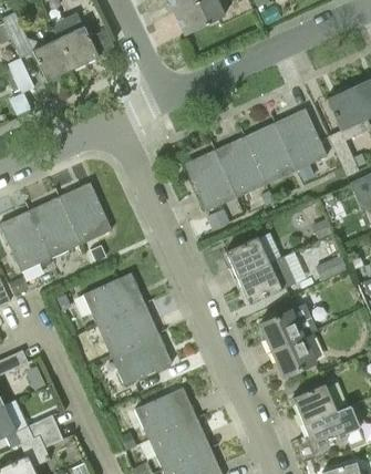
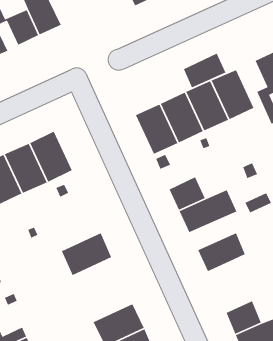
building: none -> [183,53,227,89]
building: [83,272,145,324] -> none
building: [111,332,173,384] -> none
building: [271,336,315,377] -> none

